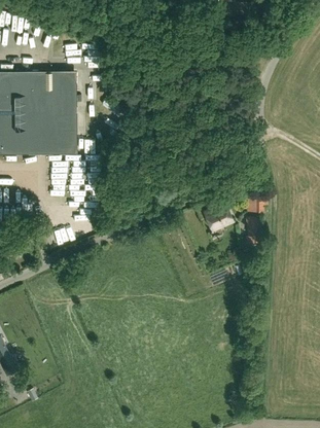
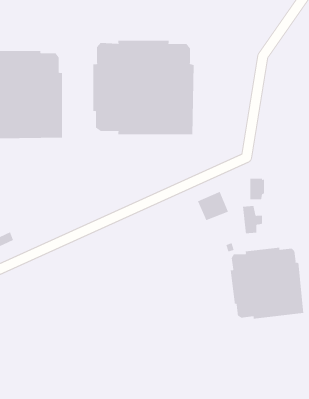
building: none -> [93,40,194,135]
building: none -> [230,247,304,320]

